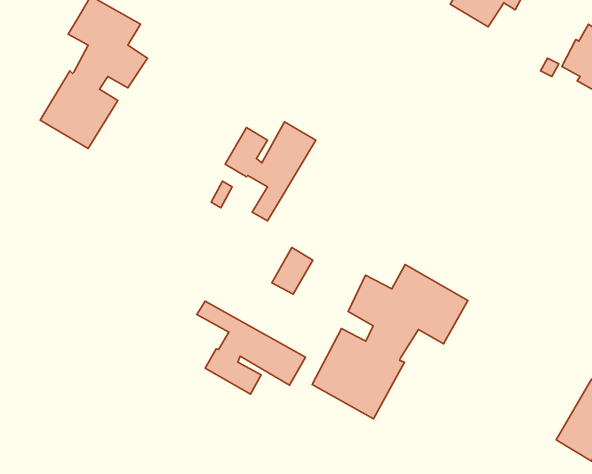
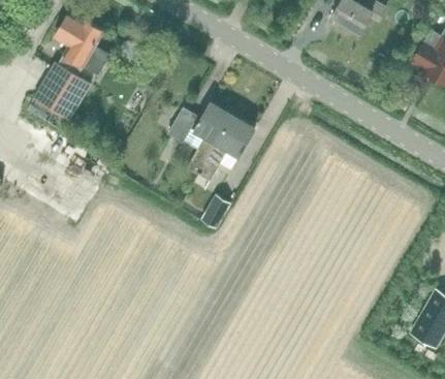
building: none -> [198,116,255,182]
building: [312,264,468,419] -> none
building: [197,301,305,394] -> none

